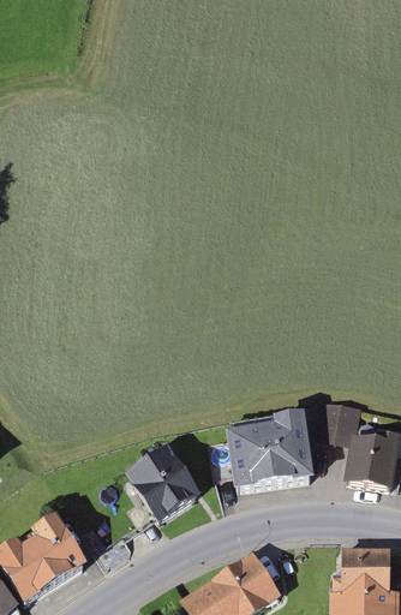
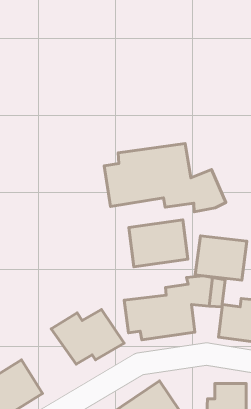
building: none -> [104,143,226,212]
building: none -> [129,220,188,267]
building: none -> [195,236,247,280]

